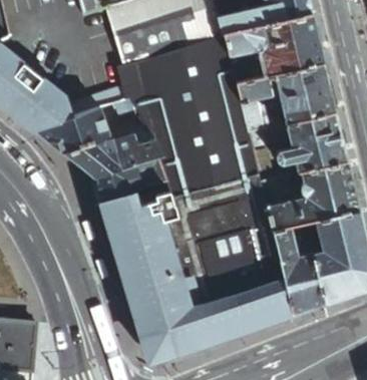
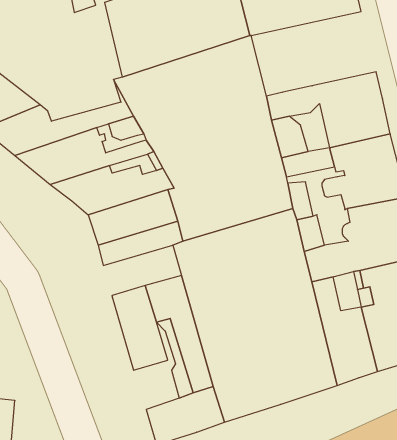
building: [225,15,324,82] -> none
building: [107,201,169,241] -> none
building: [131,262,167,331] -> none

